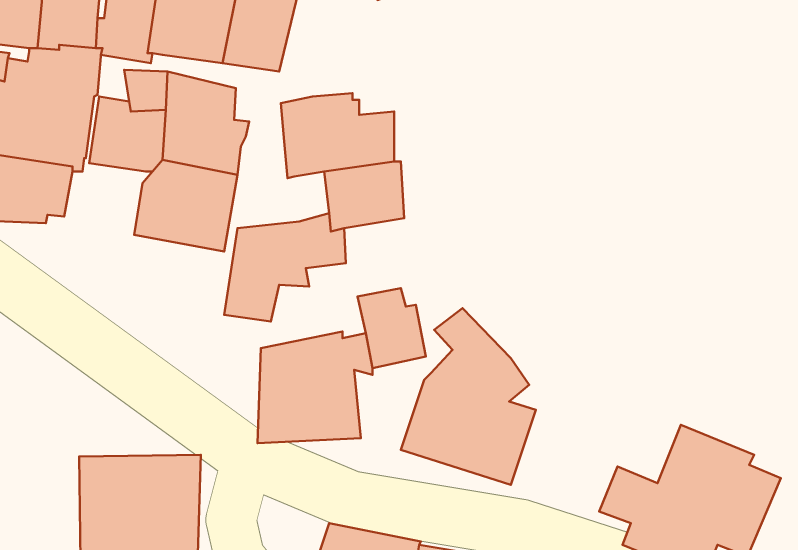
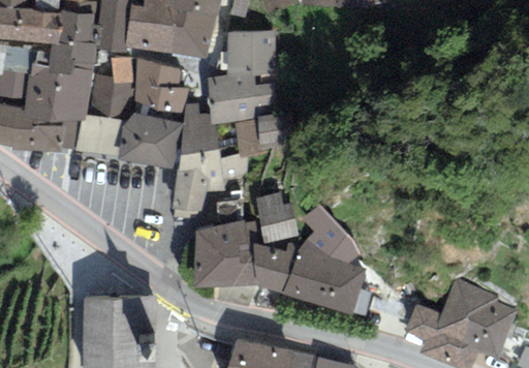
building: none -> [225,31,275,75]
building: none -> [180,101,218,155]
building: none -> [74,114,123,159]
building: none -> [252,242,300,293]

